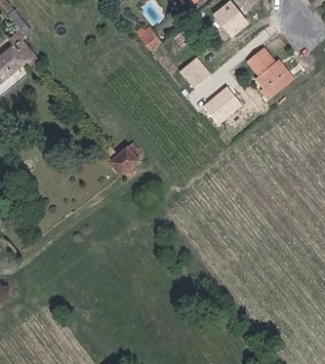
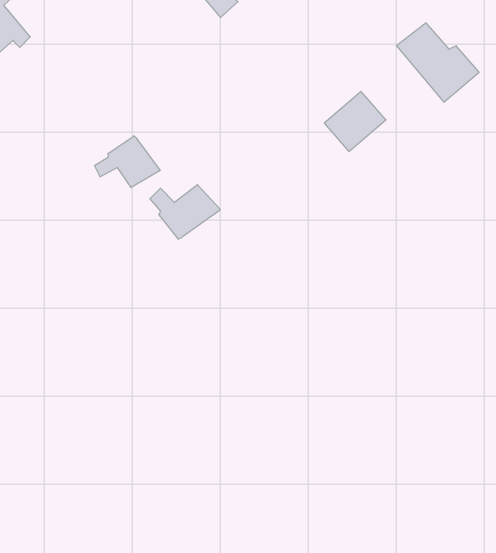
building: [179,59,208,88] -> none
building: none -> [95,136,160,188]

